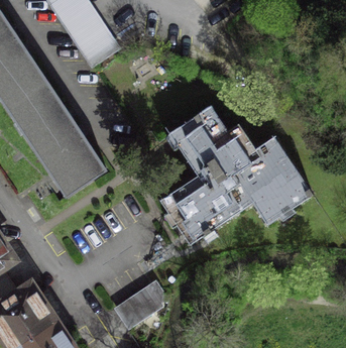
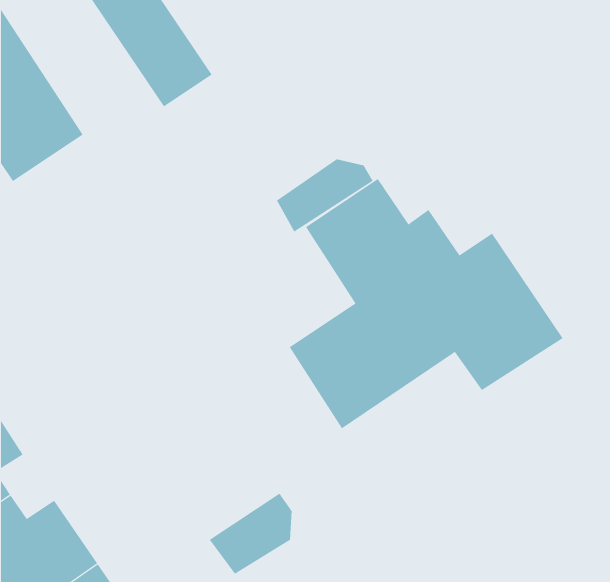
building: [7,80,106,195] -> none
building: none -> [276,159,374,232]

